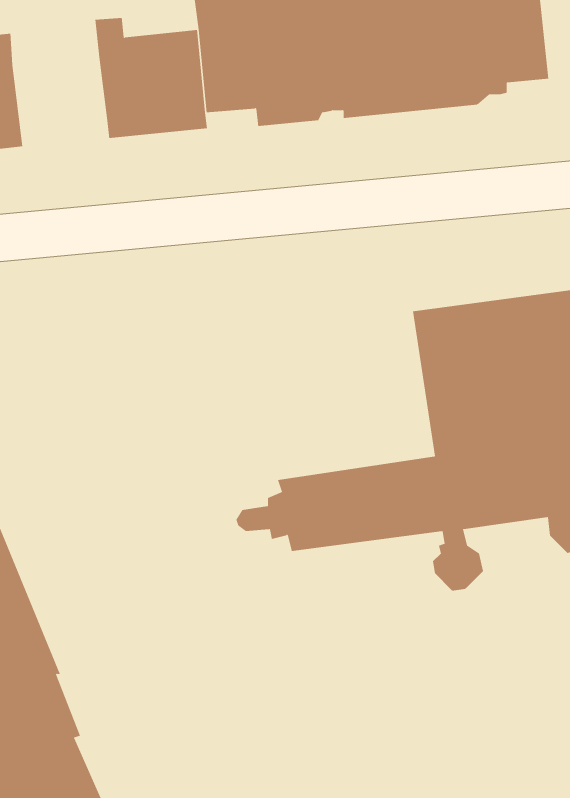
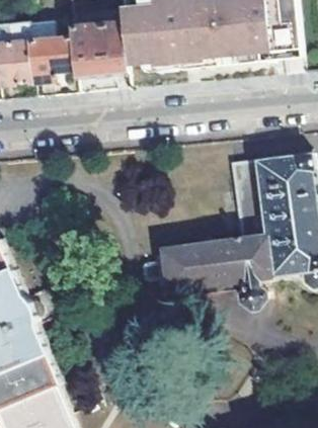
building: none -> [25,35,73,81]

